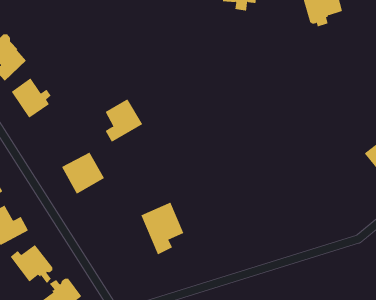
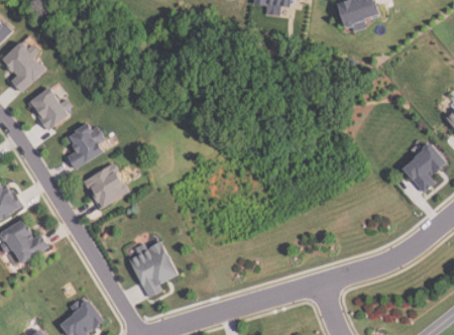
building: [105,99,143,142] -> [66,123,106,170]
building: [141,202,184,255] -> [128,244,175,301]
building: [10,244,53,284] -> none

